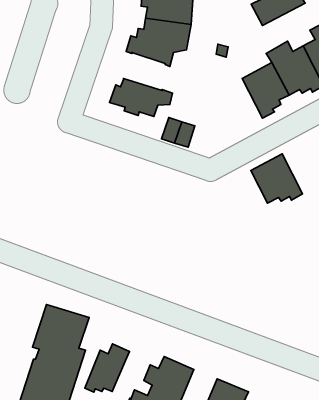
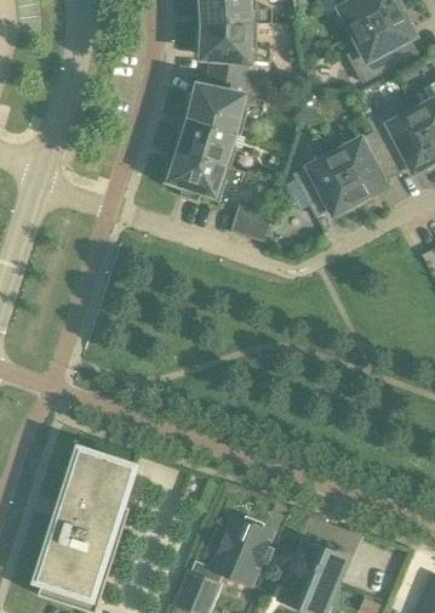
building: none -> [171,117,236,166]
building: [251,154,303,203] -> [292,151,360,215]
building: [85,344,130,392] -> none

